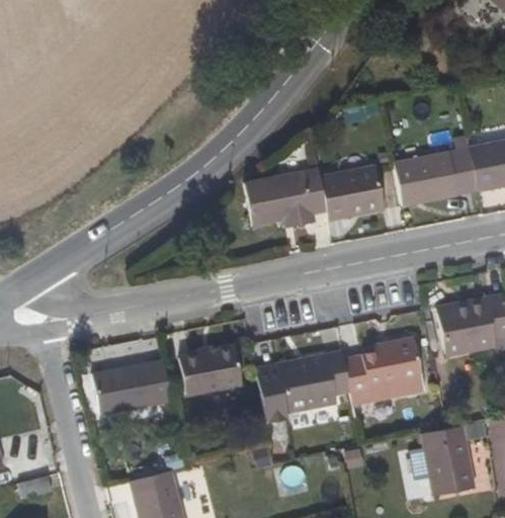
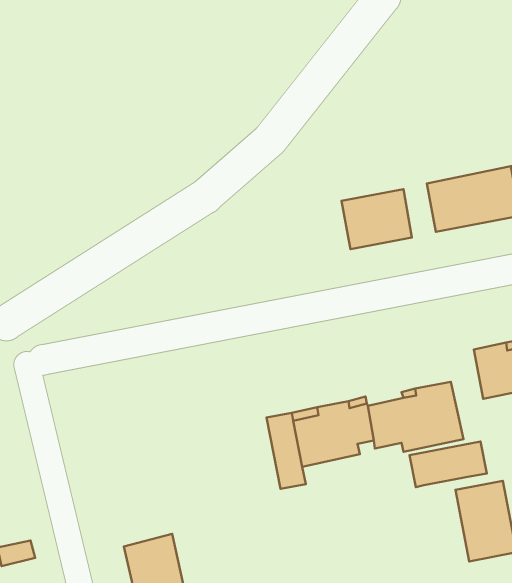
building: [246,169,328,228] -> none
building: [179,347,243,394] -> none
building: [93,359,171,414] -> none
building: none -> [409,441,487,487]

